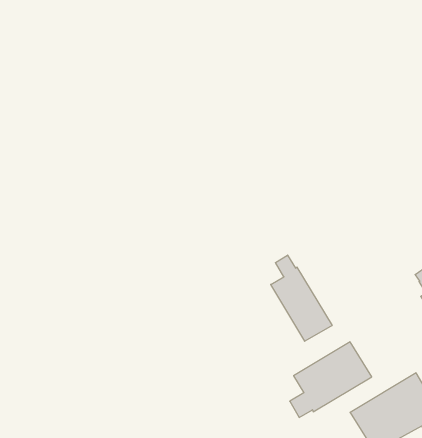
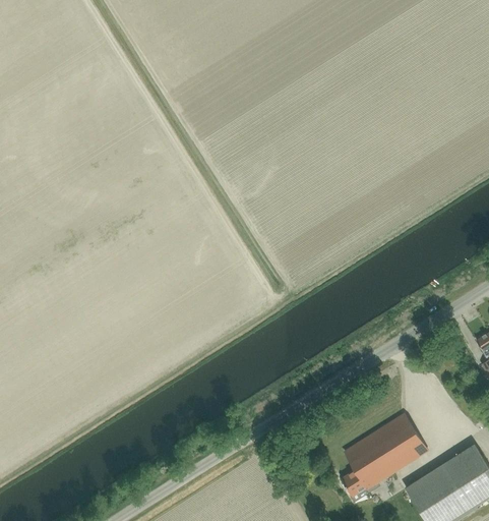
building: [271,255,332,341] -> none

